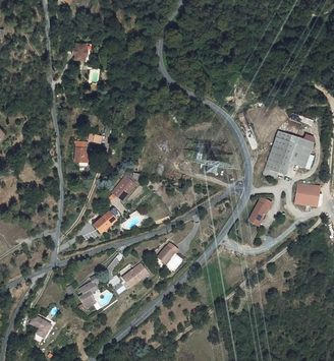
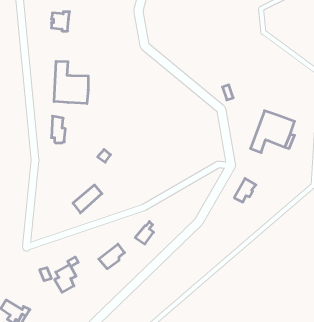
building: none -> [54,61,88,104]
building: [293,182,320,206] -> none

